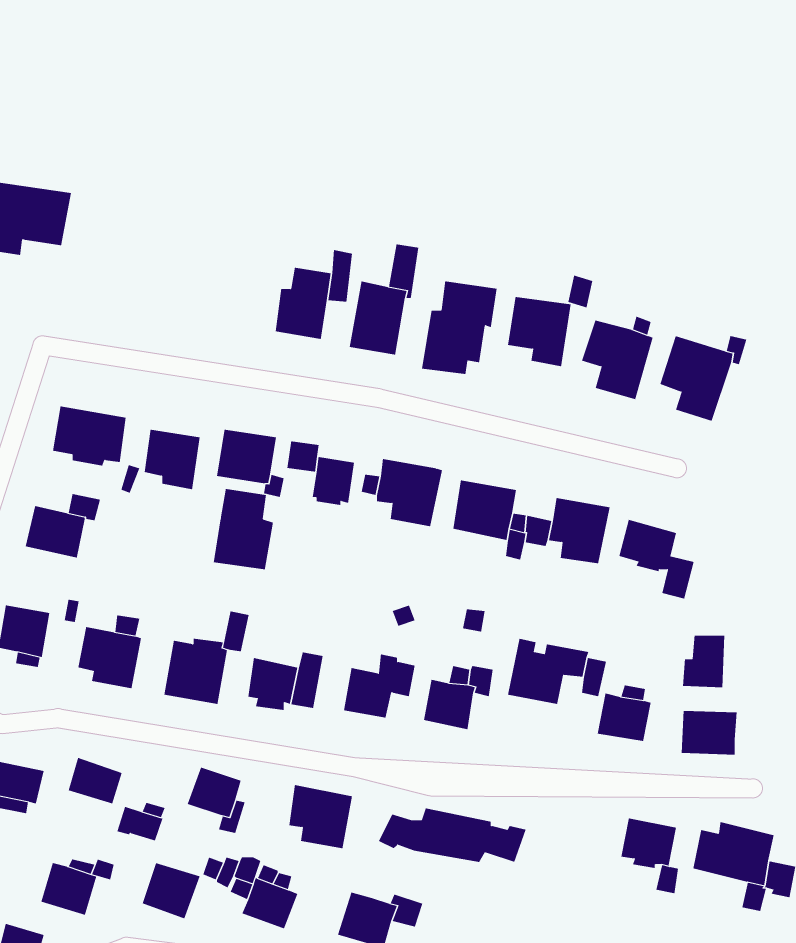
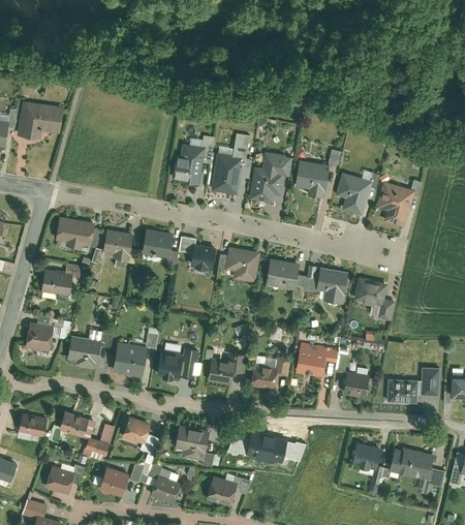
building: [213,488,274,570] -> none
building: [682,635,725,688] -> [415,369,438,397]

